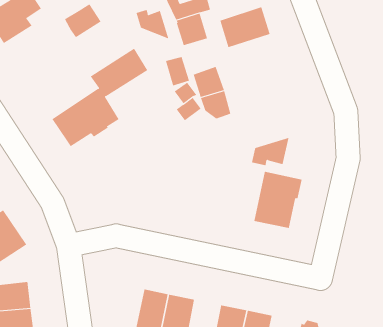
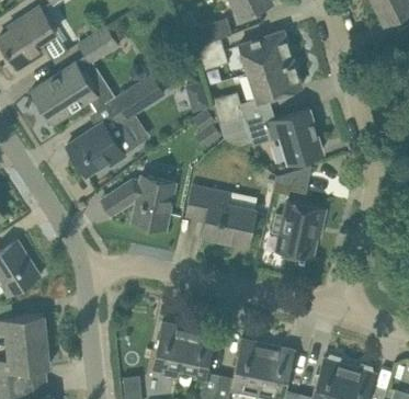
building: [136,9,169,39] -> none
building: none -> [248,59,300,102]
building: none -> [31,61,98,124]
building: none -> [264,111,321,163]
building: none -> [101,176,175,229]
building: none -> [186,186,254,247]

